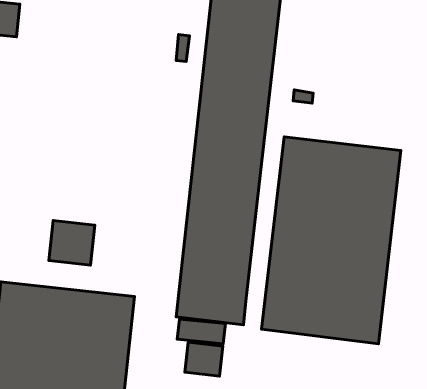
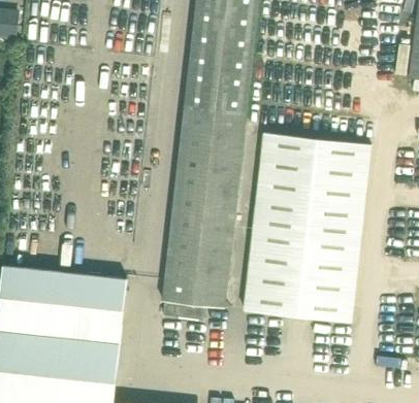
building: [49,221,95,265] -> none
building: [185,342,223,376] -> none

